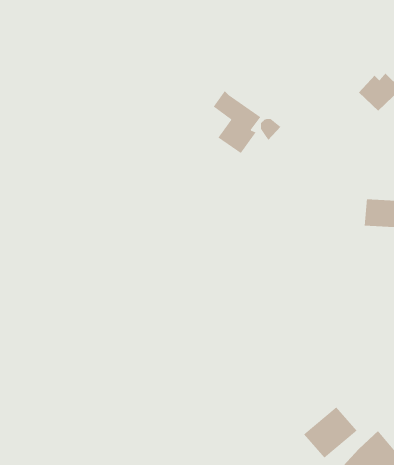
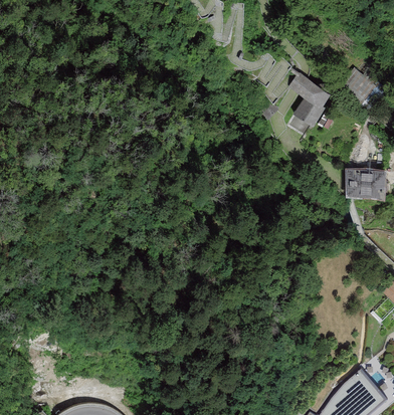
building: [213,90,261,154] -> [287,75,329,130]
building: [303,406,358,459] -> none

